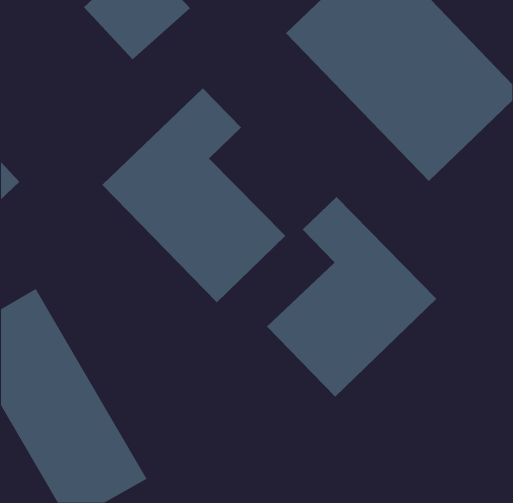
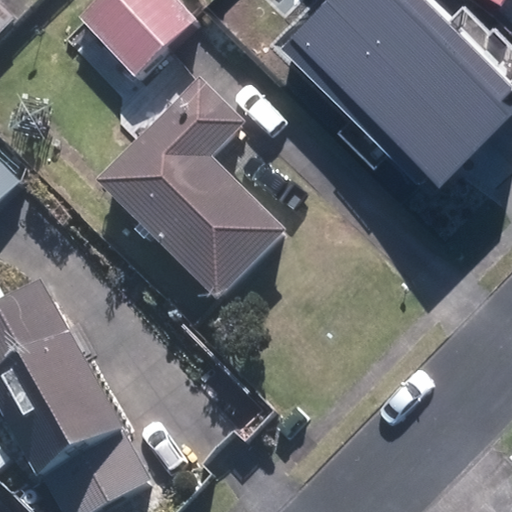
building: [266,196,437,397] -> none

